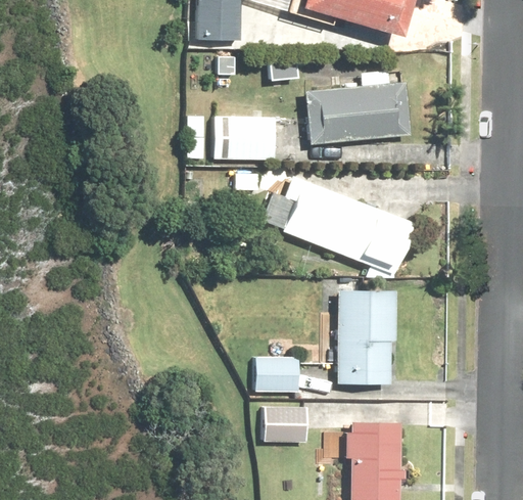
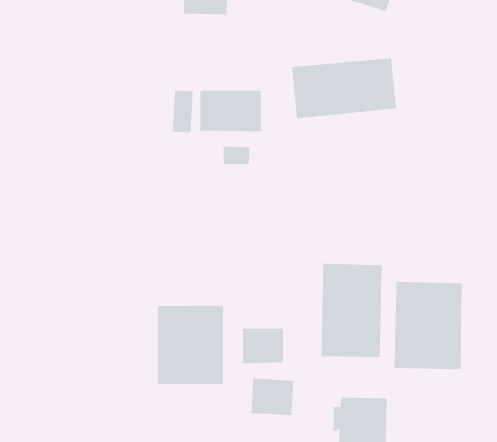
building: [264,176,413,270] -> none
building: none -> [394,281,462,370]
building: none -> [158,305,224,385]

